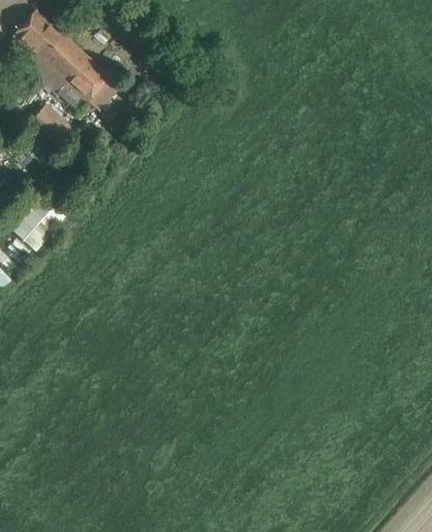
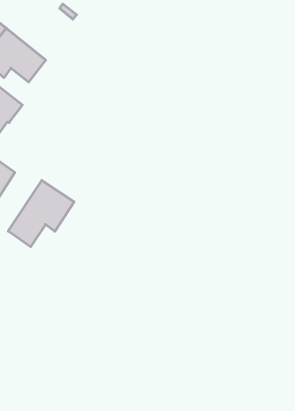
building: none -> [8,180,74,247]

